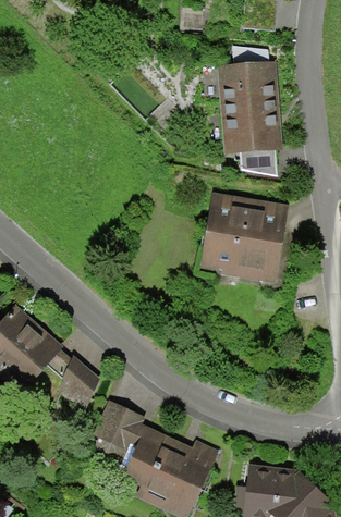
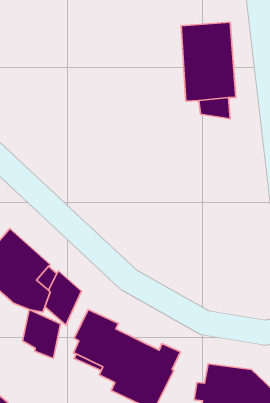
building: [199,193,289,283] -> none
building: none -> [23,310,60,358]

